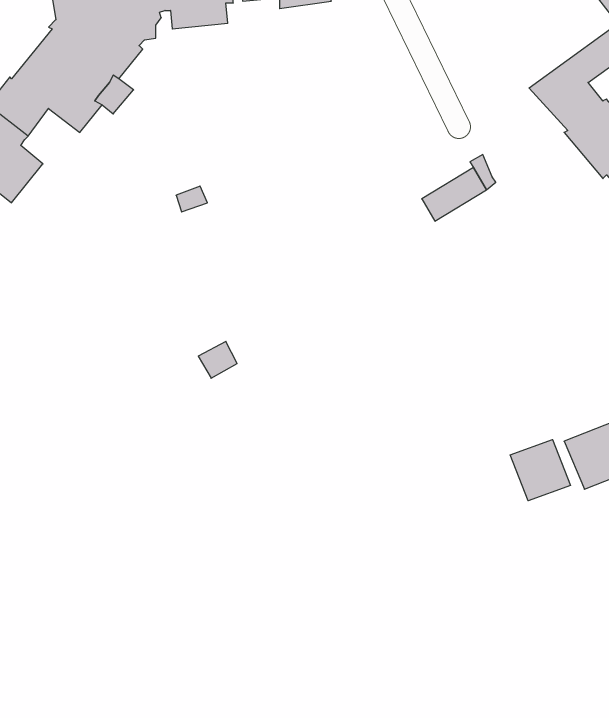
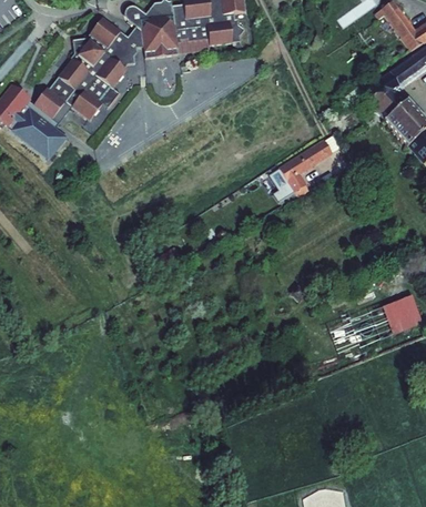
building: none -> [277,159,306,196]
building: [510,440,571,501] -> none

